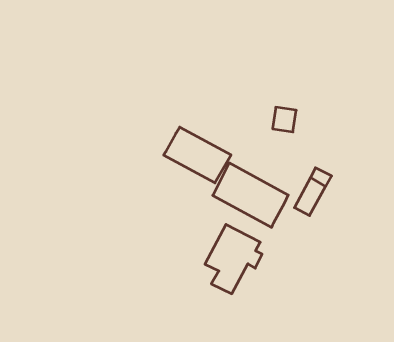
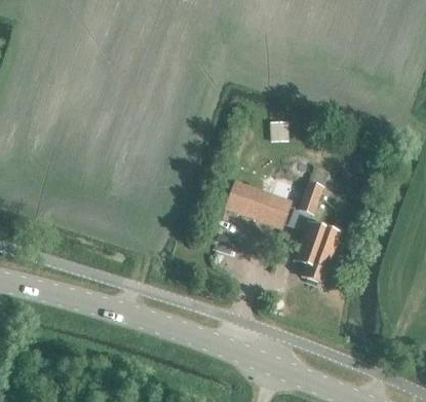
building: [164,127,231,183] -> none
building: [205,224,262,294] -> [296,221,345,282]

